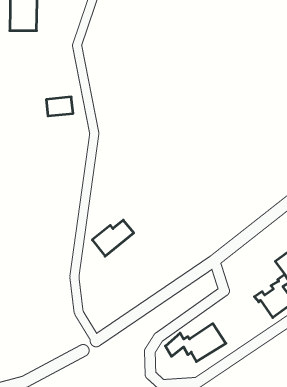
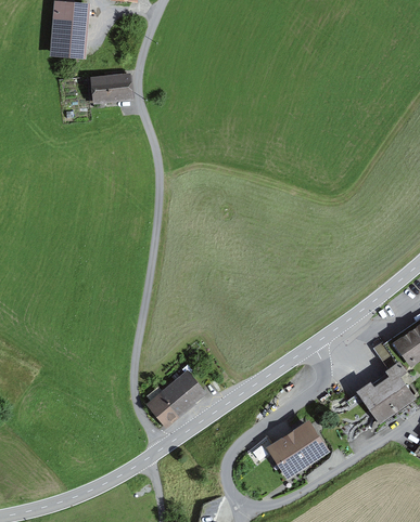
building: [46,97,73,116] -> [96,77,129,101]
building: [92,220,134,256] -> [150,375,202,420]

